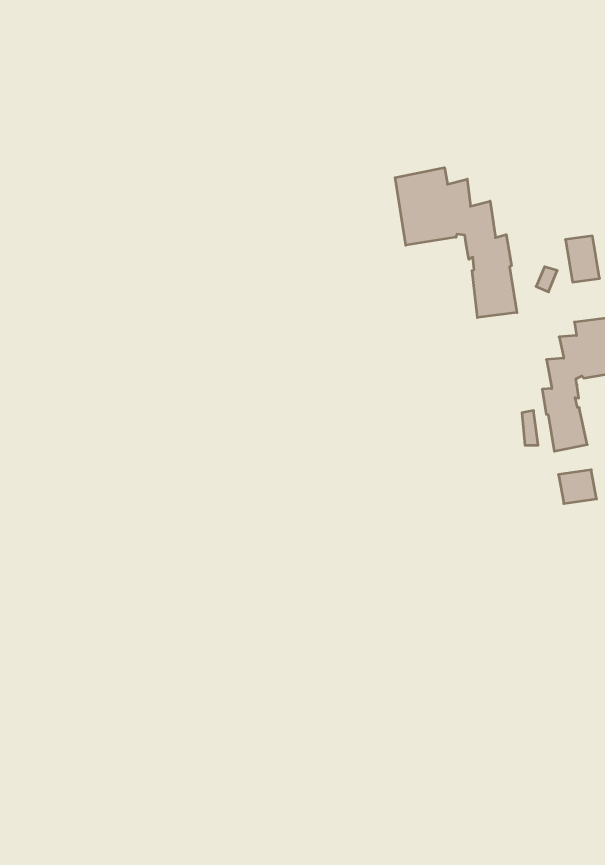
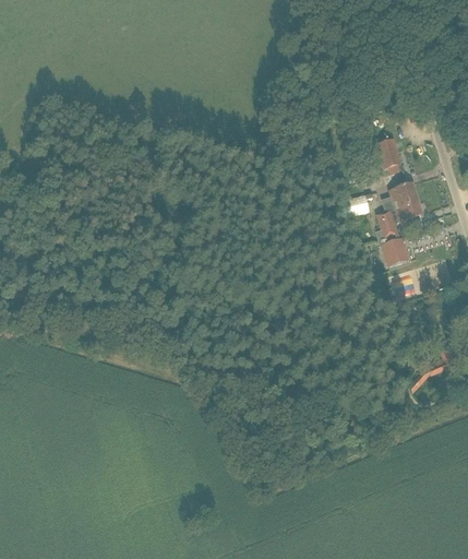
building: [395,168,517,318] -> none

